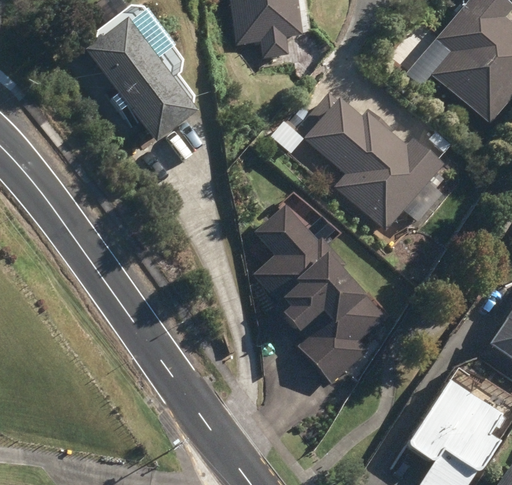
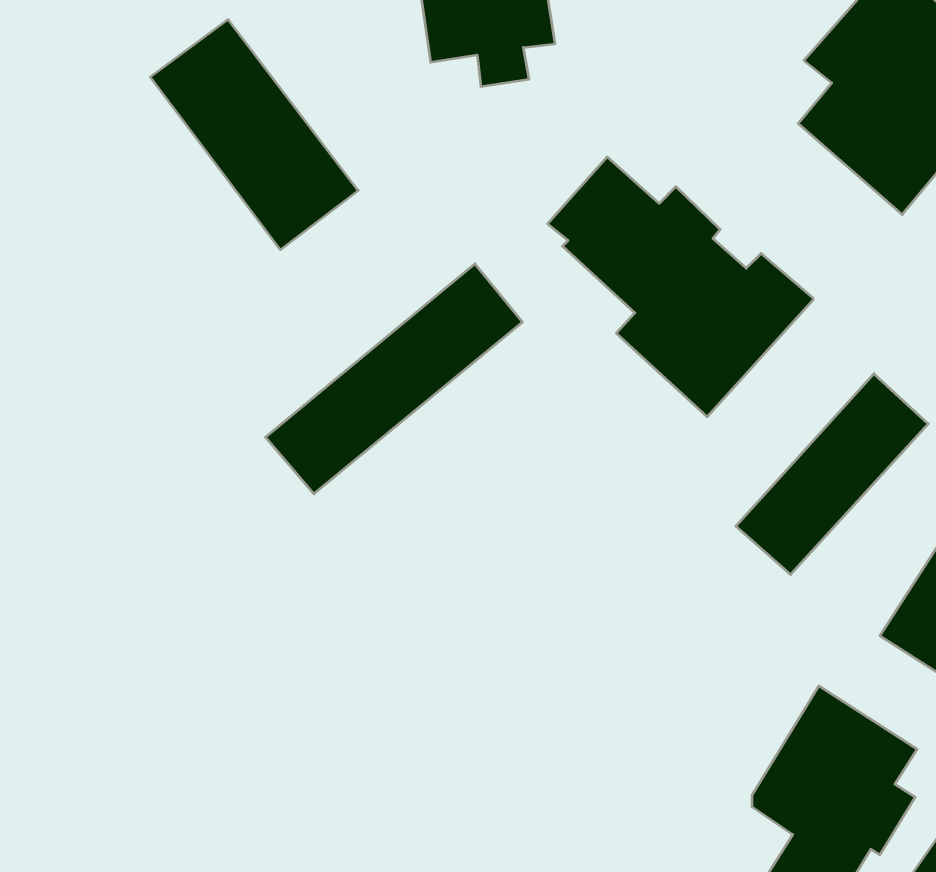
building: none -> [265,264,522,494]
building: [257,197,394,380] -> none
building: none -> [736,374,928,575]

